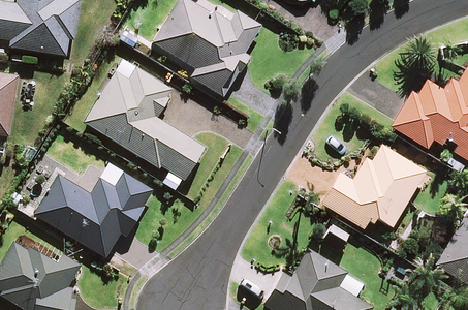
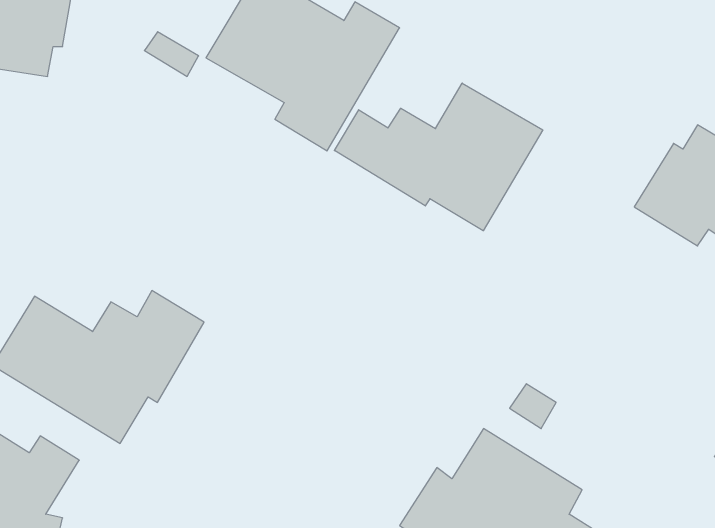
building: none -> [334,83,543,231]
building: [84,62,205,196] -> none
building: [320,146,424,230] -> none

